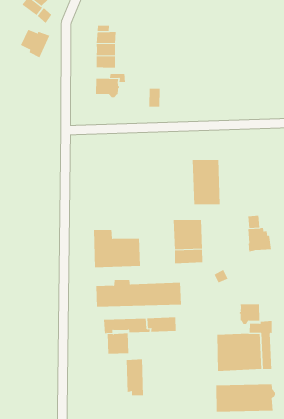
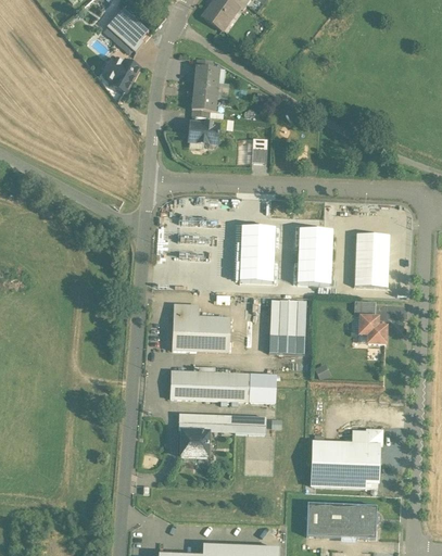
building: none -> [354,233,389,287]
building: none -> [239,226,274,281]
building: [239,303,260,325] -> none
building: [126,358,144,396] -> none

